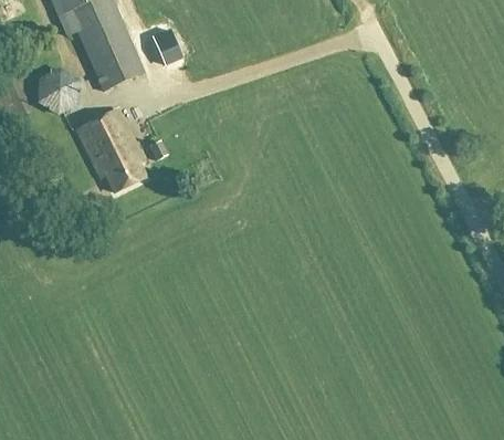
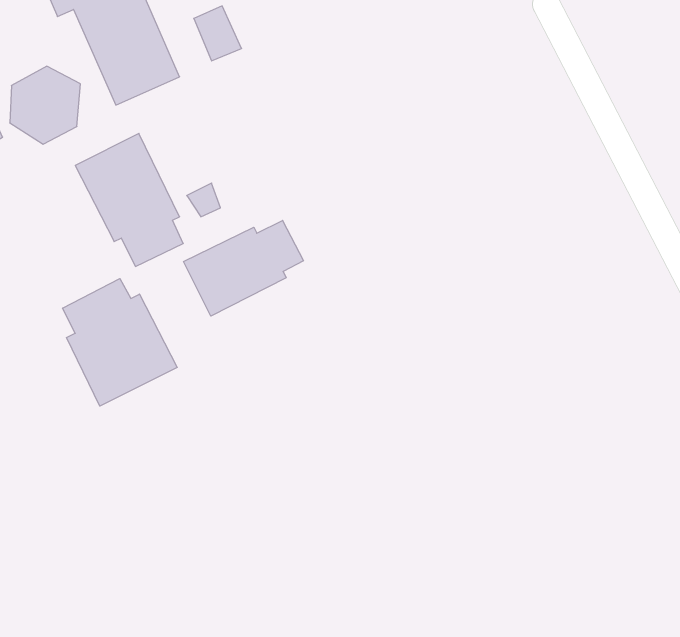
building: none -> [184,220,303,316]
building: none -> [63,279,177,406]

